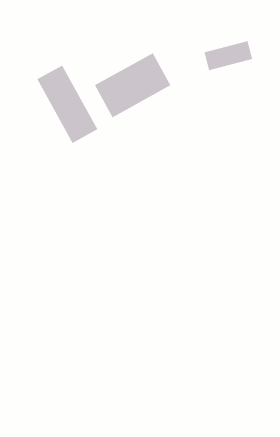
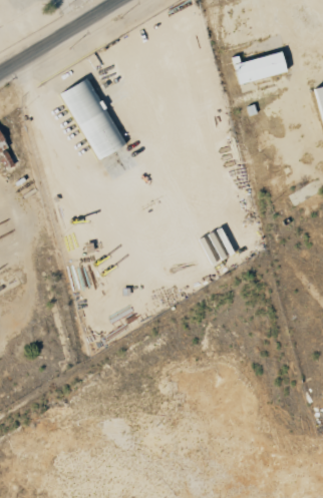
building: [94,52,172,118] -> none

